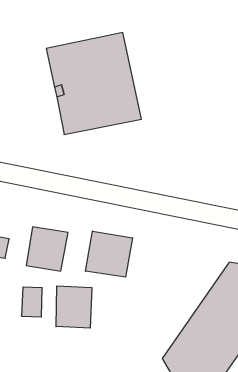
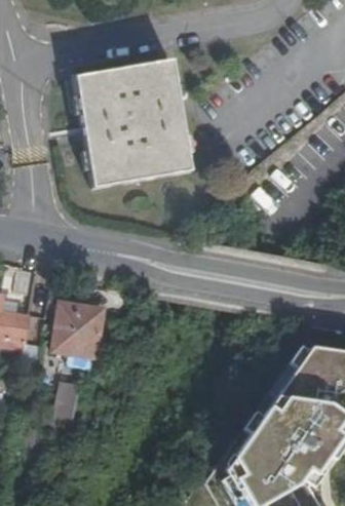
building: [85,231,132,277] -> none
building: [56,286,92,328] -> none

